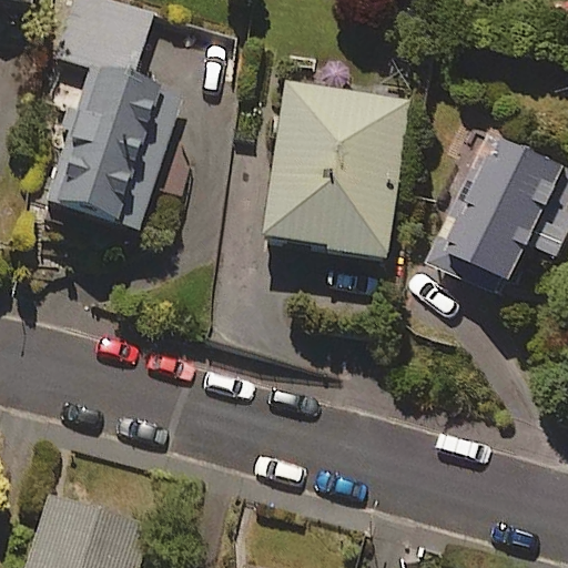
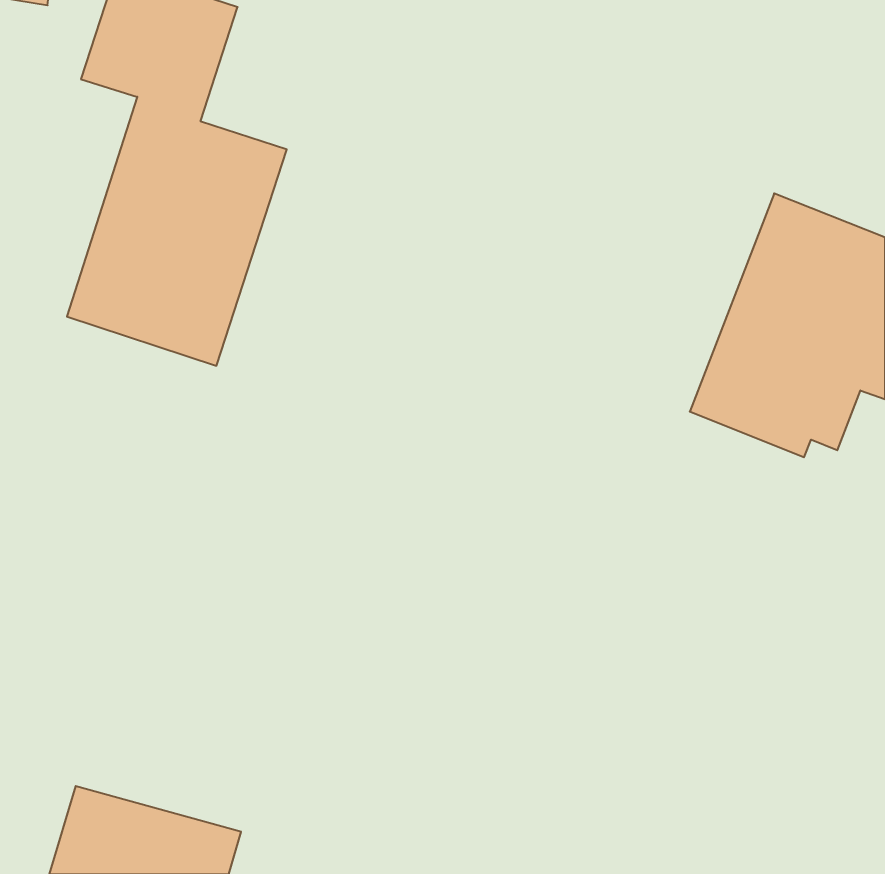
building: [266,81,407,258] -> none

